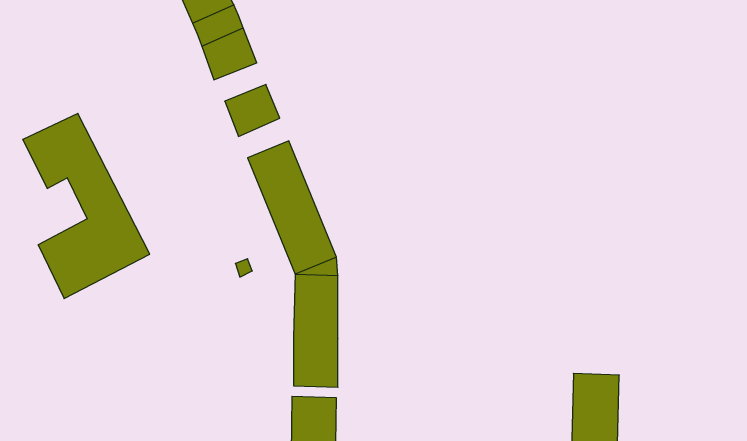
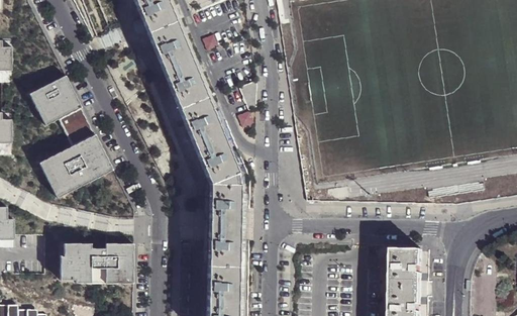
building: none -> [157,42,191,68]
building: none -> [173,79,206,105]
building: none -> [61,241,135,283]

